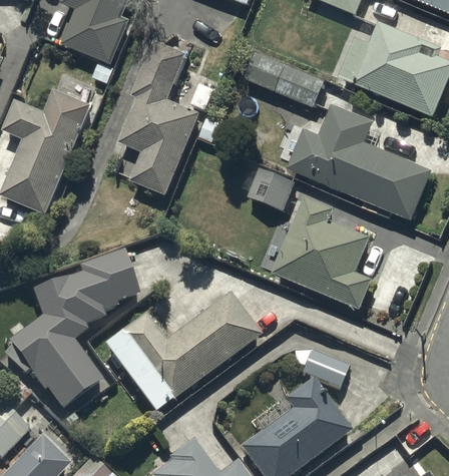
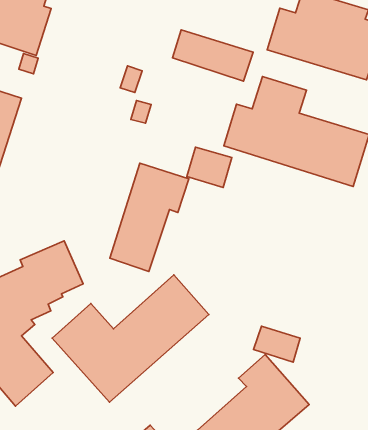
building: [118,40,199,195] -> none
building: none -> [110,163,189,272]
building: [272,195,373,311] -> none

